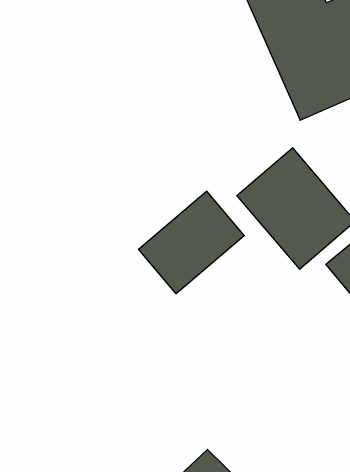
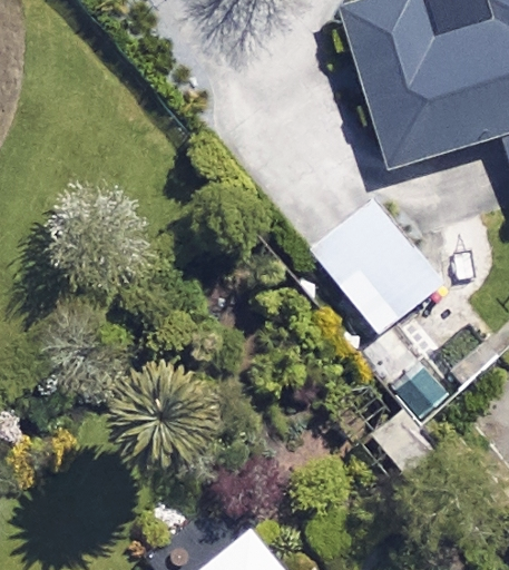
building: [139,191,244,294] -> none

